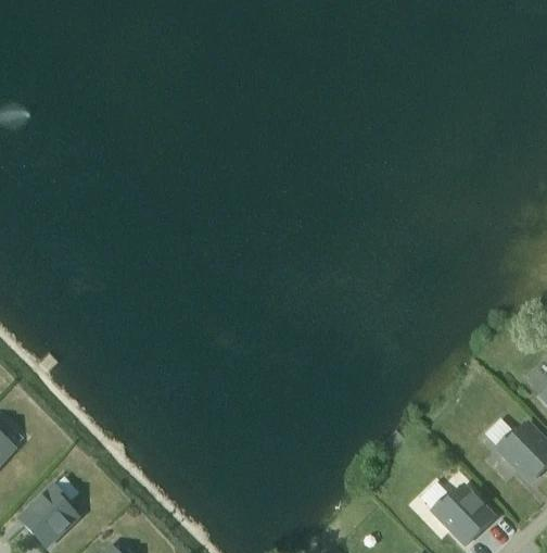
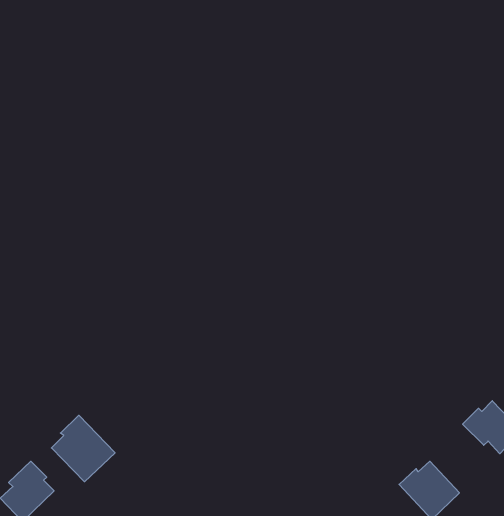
building: none -> [51,415,115,482]

